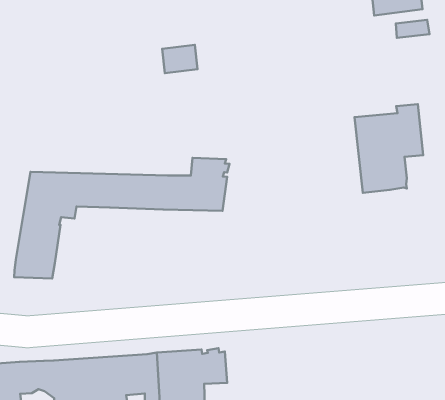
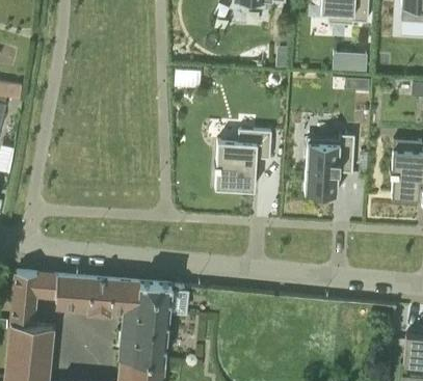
building: none -> [214,131,271,191]
building: [14,158,229,279] -> none

